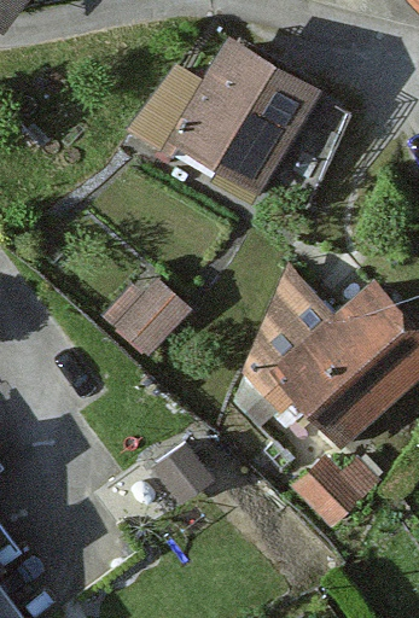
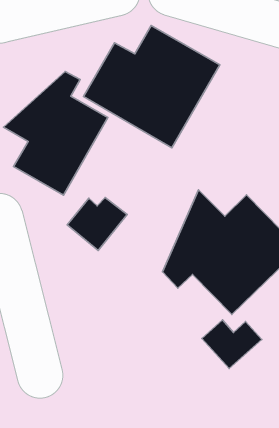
building: none -> [4,71,108,195]

